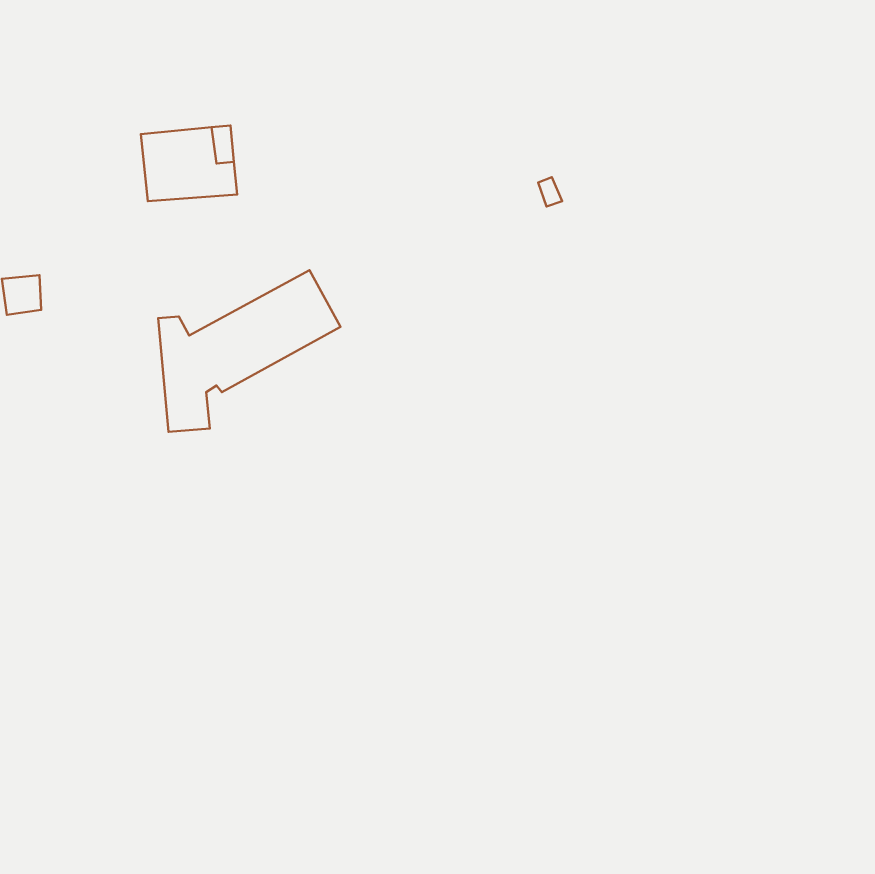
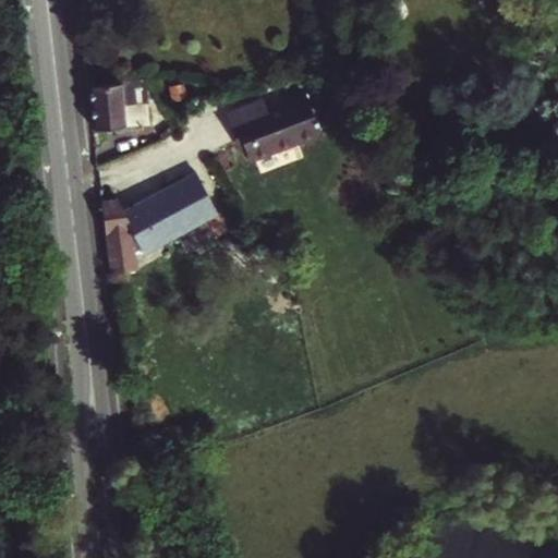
building: none -> [231,97,323,162]

